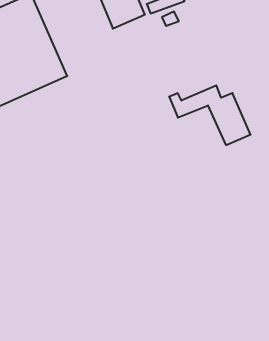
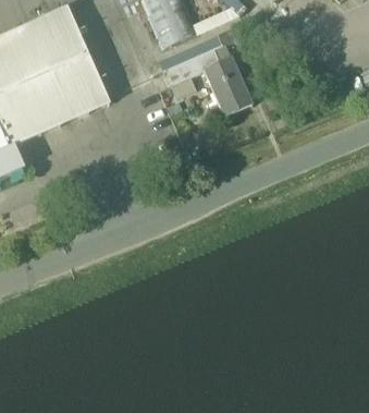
building: [169,85,251,145] -> [159,46,253,114]

